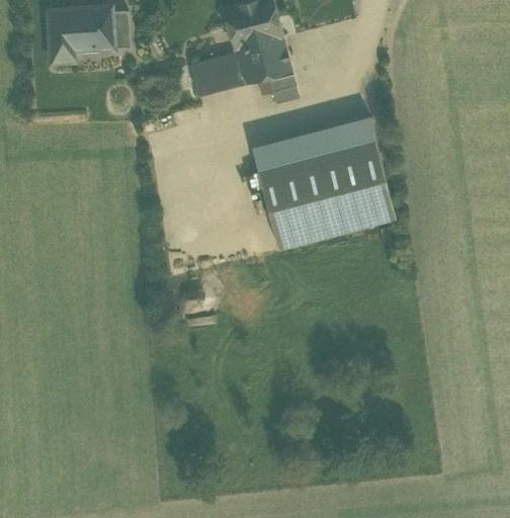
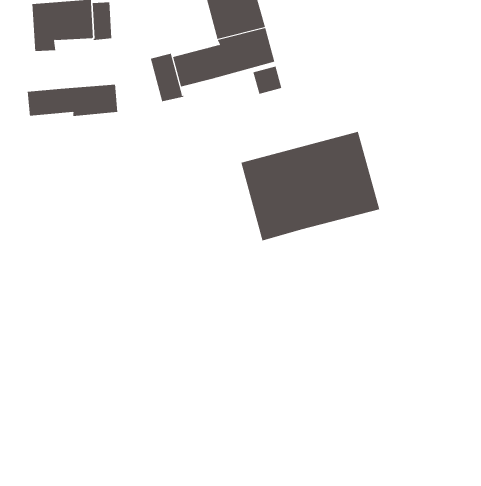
building: none -> [150,53,184,102]
building: none -> [27,84,118,117]
building: [251,116,374,171] -> none

